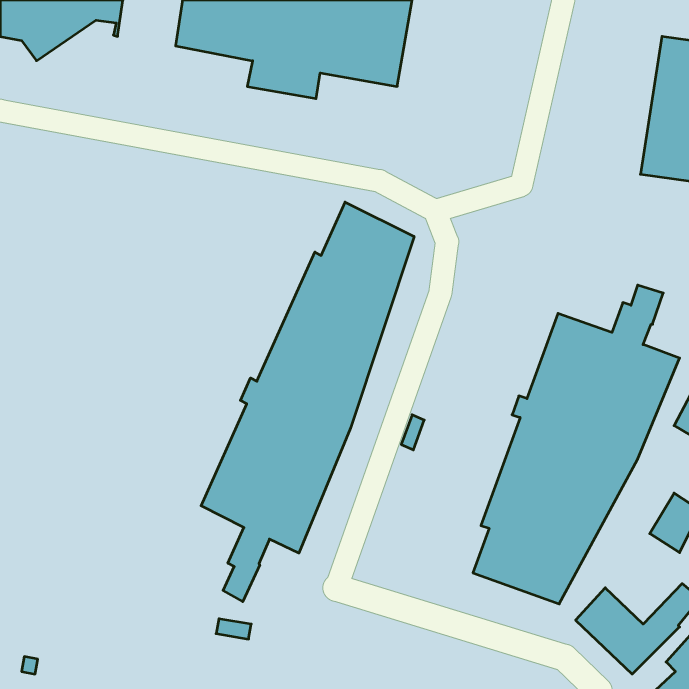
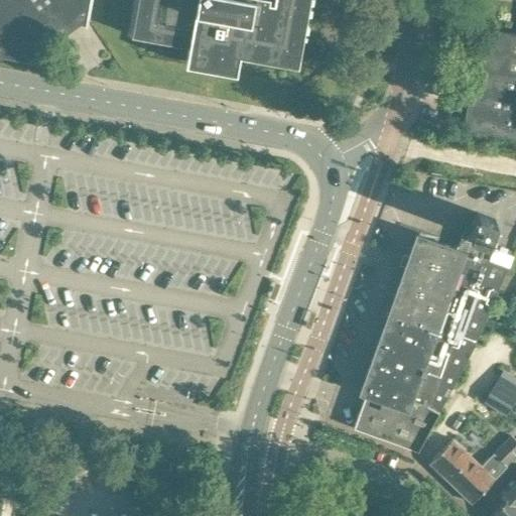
building: [201,202,414,602] -> none

